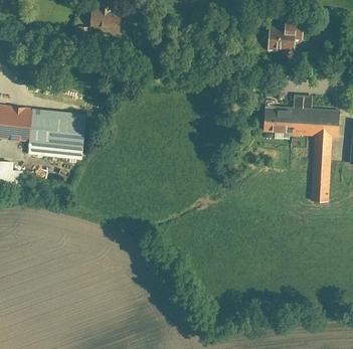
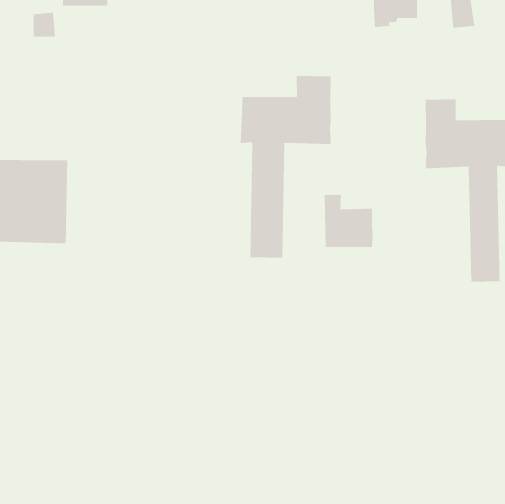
building: none -> [240,75,331,258]
building: [262,100,292,132] -> [324,194,373,248]

